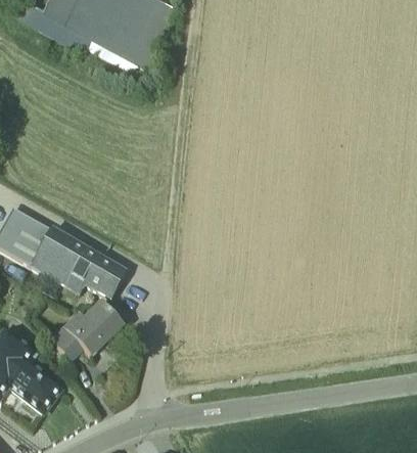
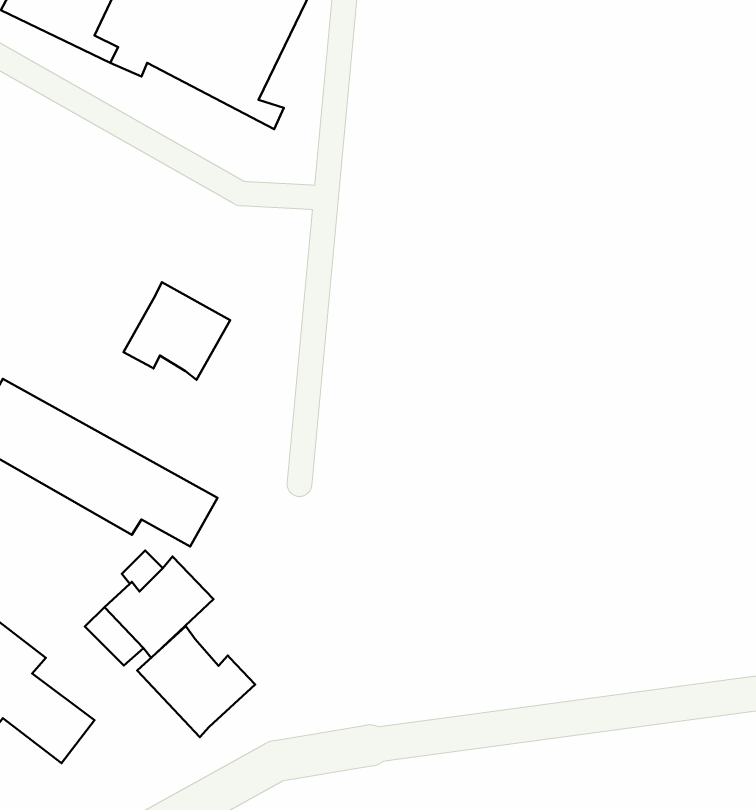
building: none -> [124,282,230,380]
building: none -> [137,626,255,737]

